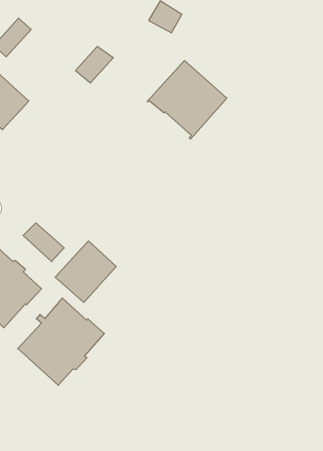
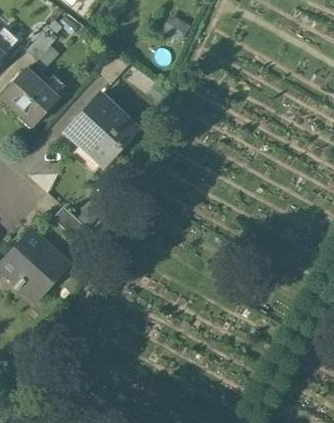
building: [147,61,227,139] -> [65,95,136,165]
building: [55,241,116,302] -> none
building: [18,298,104,385] -> none

